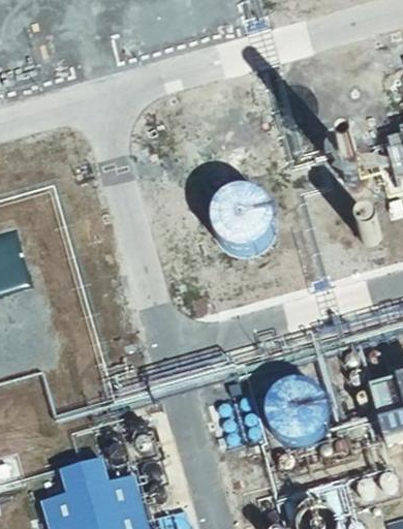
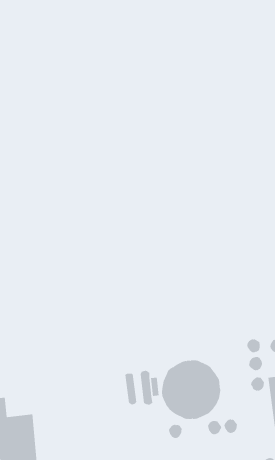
building: [212,187,275,249] -> none

